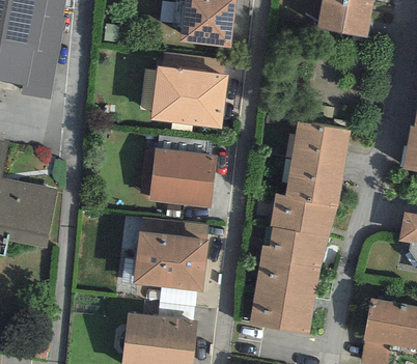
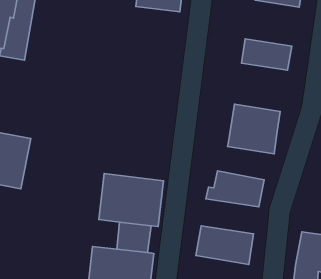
building: [150,63,226,127] -> none
building: [291,122,350,159] -> [242,39,292,70]
building: [148,147,215,206] -> none
building: [269,194,337,237] -> none
building: [253,259,319,300] -> none

